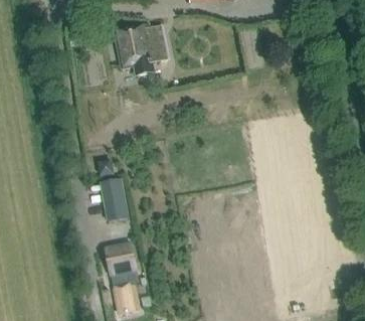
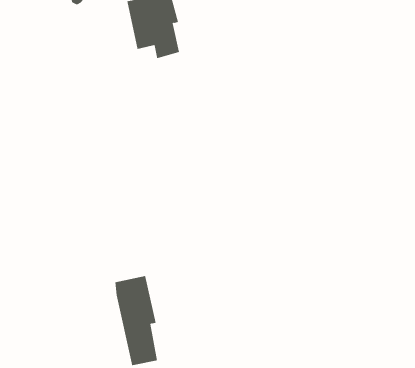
building: [101,177,129,221] -> none

